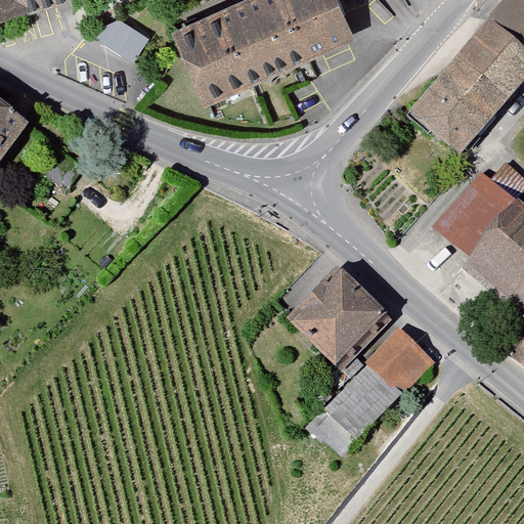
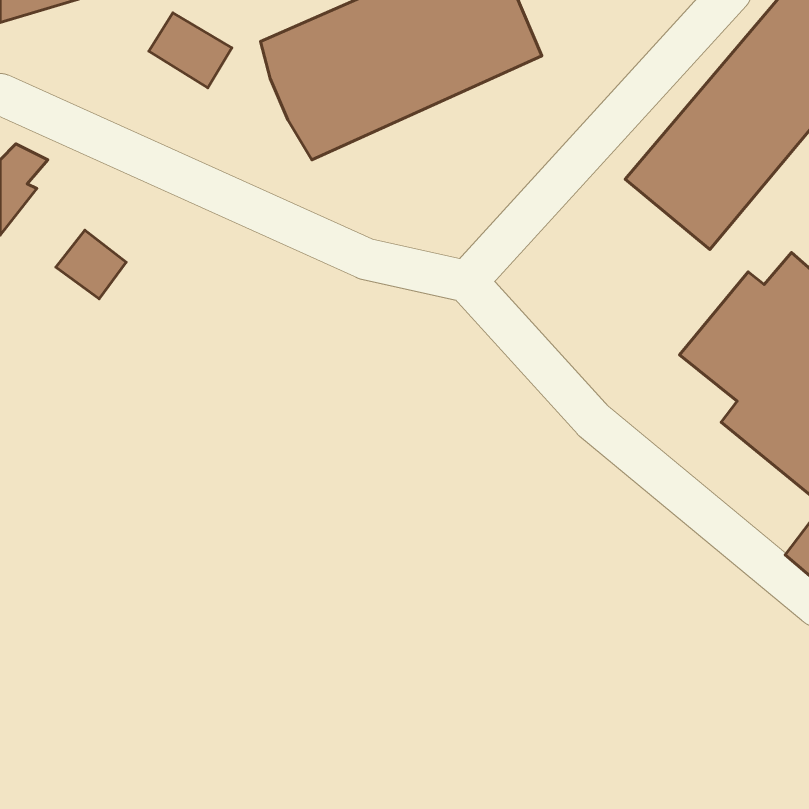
building: [291,270,434,452] -> none

